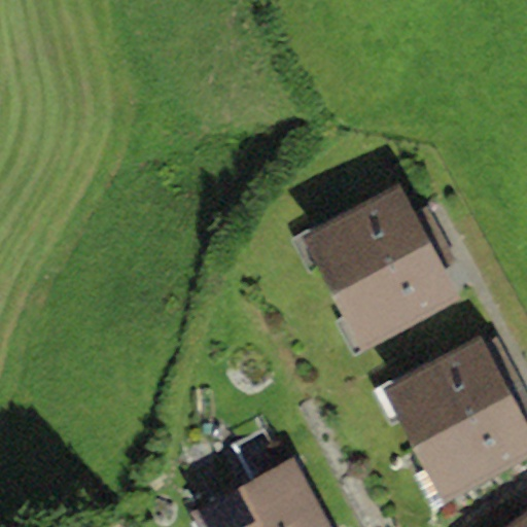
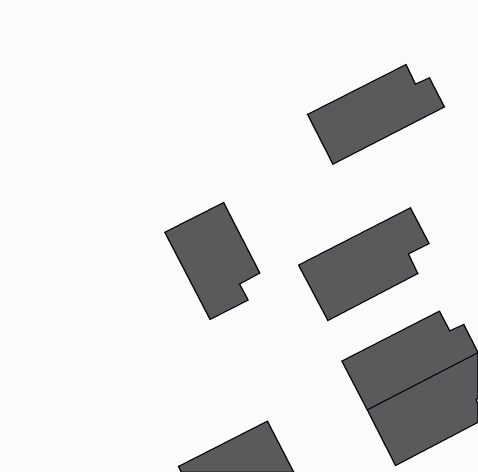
building: [300,181,450,290] -> [307,65,445,164]
building: none -> [165,202,260,319]

